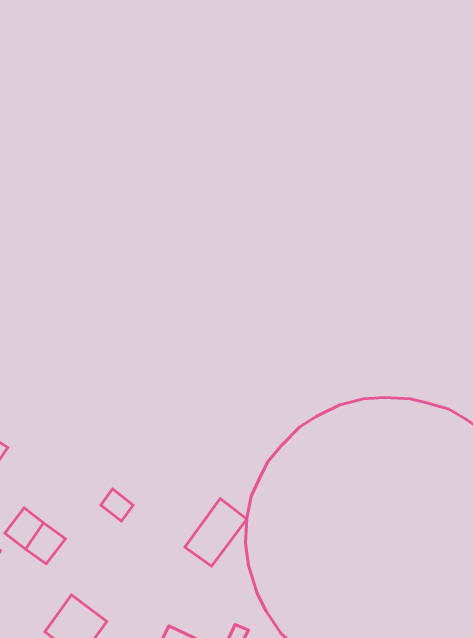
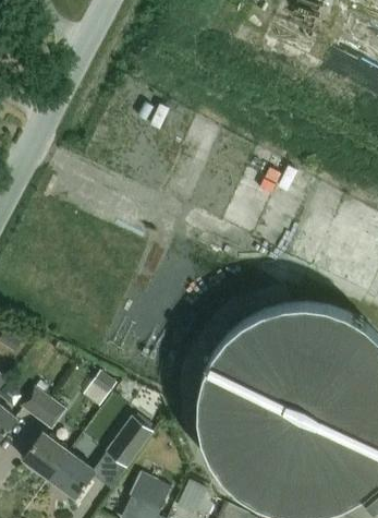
building: [185,498,247,566] -> [106,419,151,469]
building: none -> [22,435,68,481]

